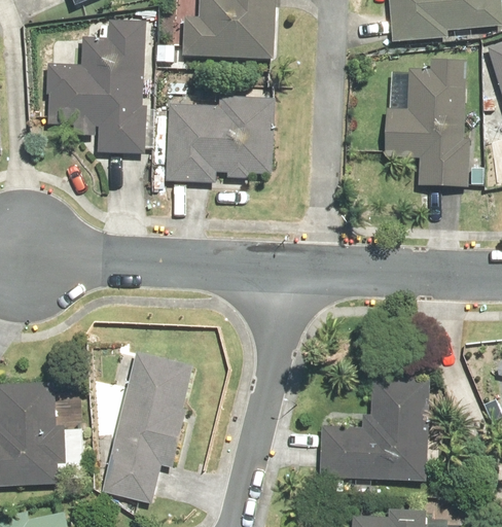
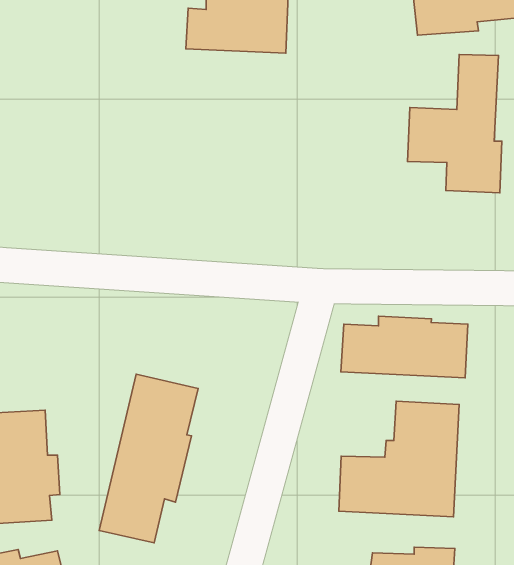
building: [46,20,147,152] -> none
building: [165,95,276,181] -> none
building: none -> [341,316,468,378]

